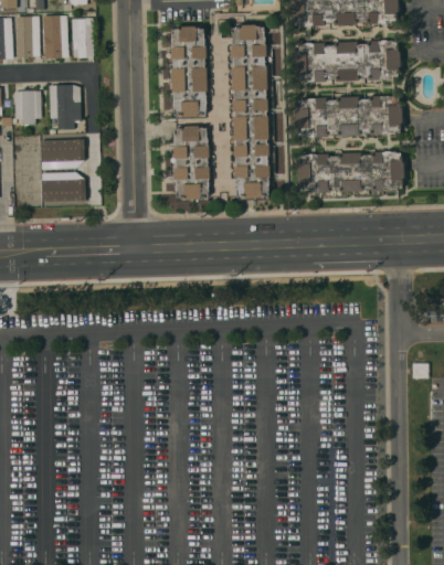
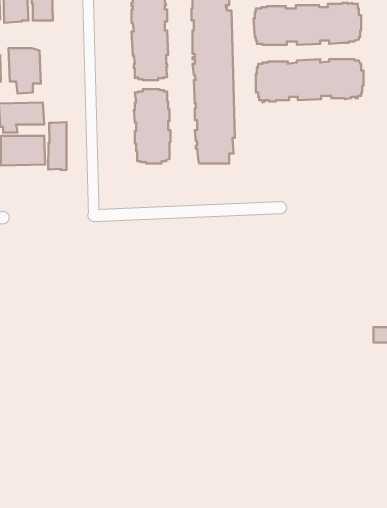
building: [296,151,403,193] -> none
building: none -> [48,122,67,170]

